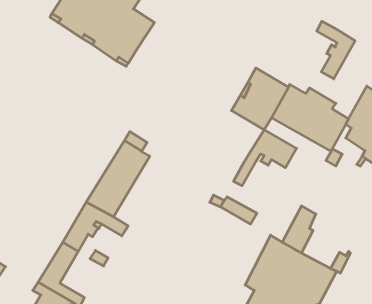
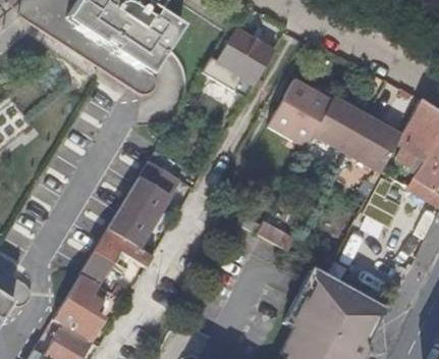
building: none -> [215,23,275,87]
building: [317,21,355,79] -> none
building: [234,130,297,186] -> none

